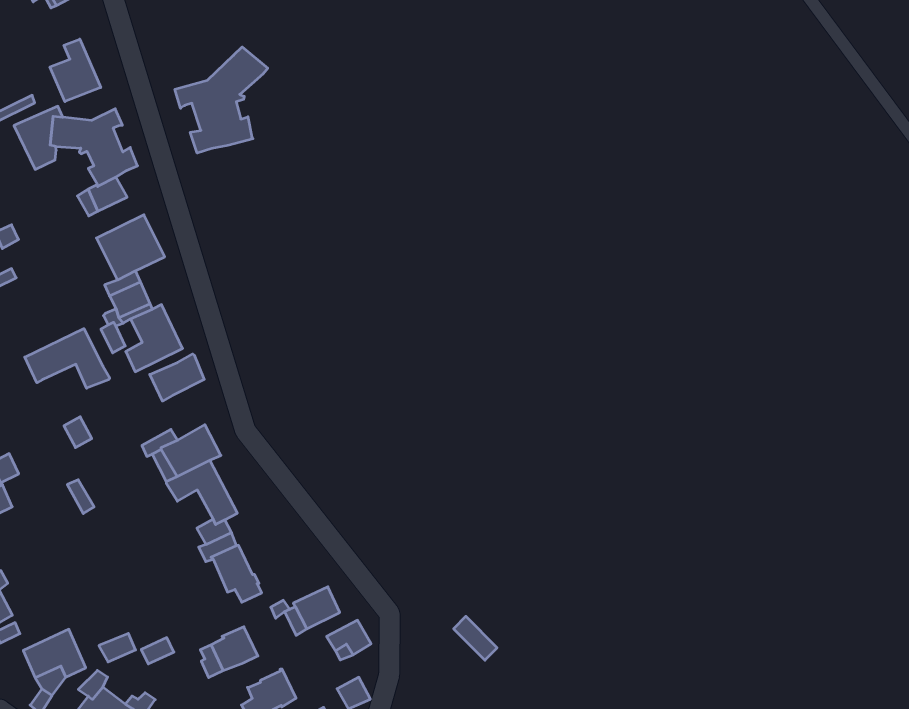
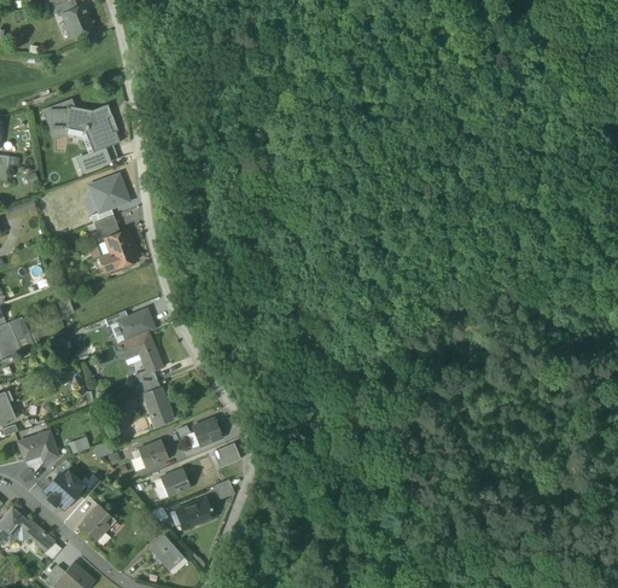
building: [50,39,101,102] -> none
building: [175,47,268,153] -> none
building: [25,329,110,388] -> none
building: [150,354,204,401] -> none

